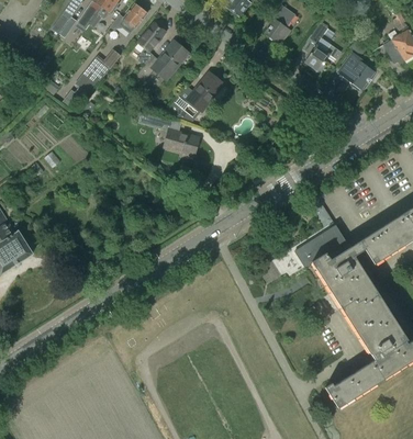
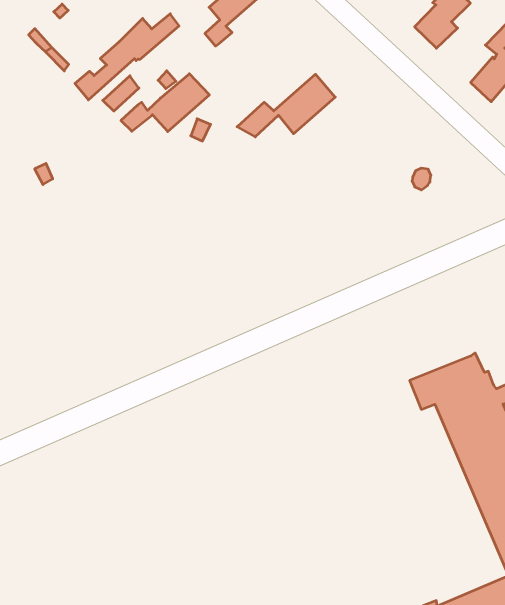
building: [136,41,188,81] -> [121,74,209,132]
building: [164,130,198,155] -> none

